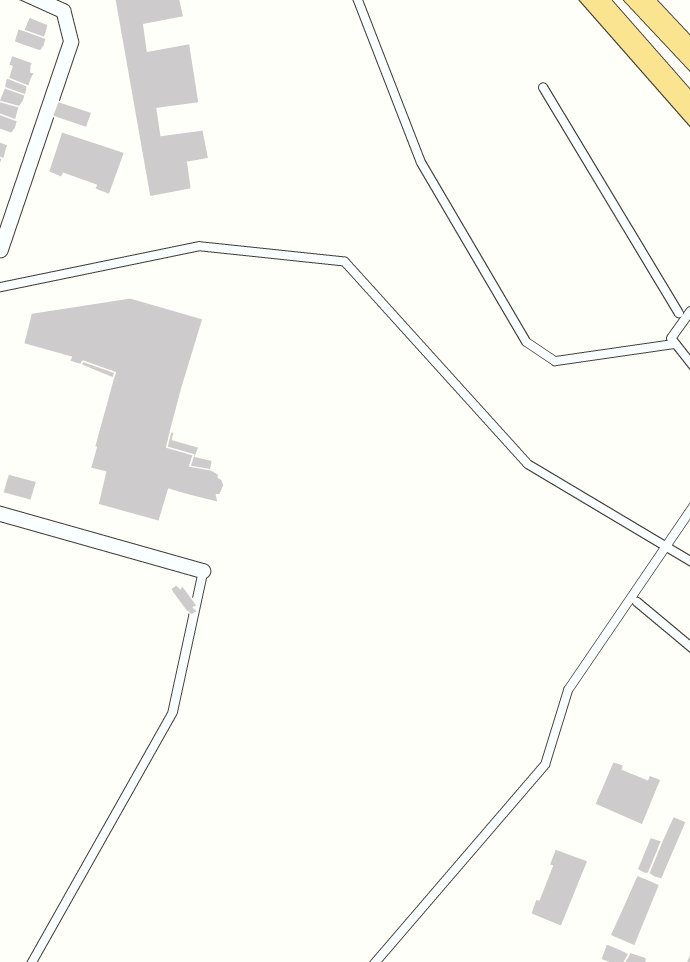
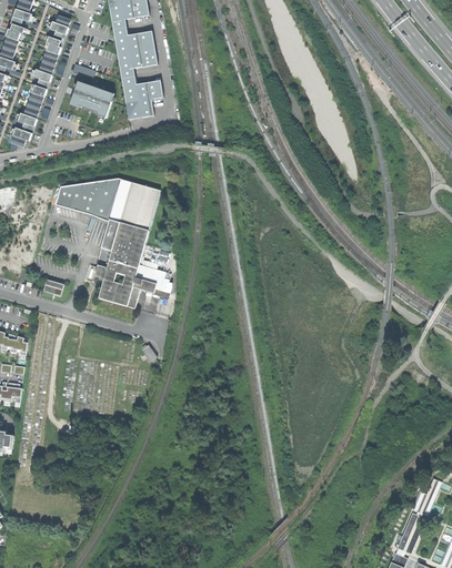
building: [594,761,661,825] -> none
building: [531,849,588,927] -> none

